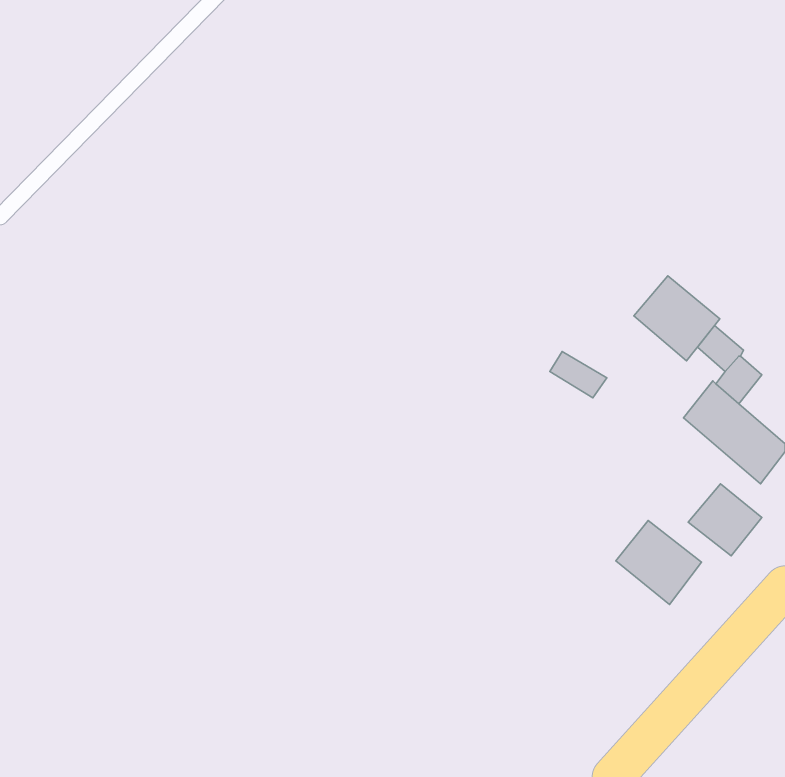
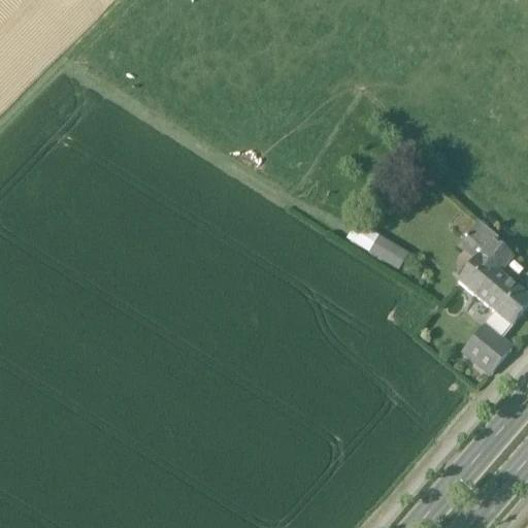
building: [634,276,720,361] -> none
building: [616,520,701,604] -> none

